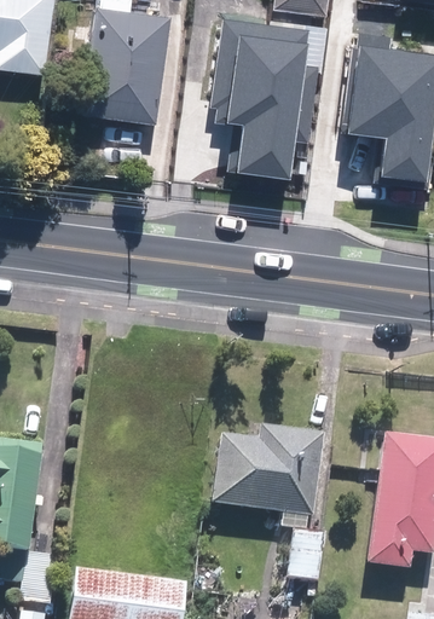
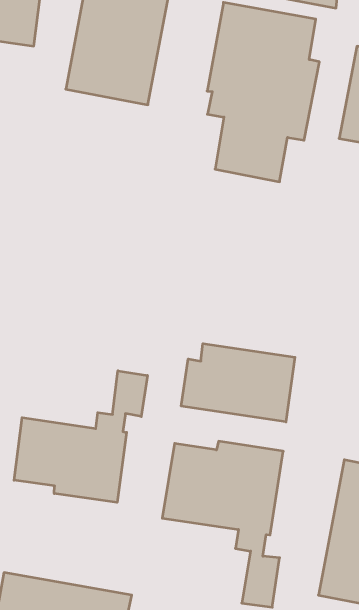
building: none -> [181,344,295,422]
building: none -> [14,371,147,502]

